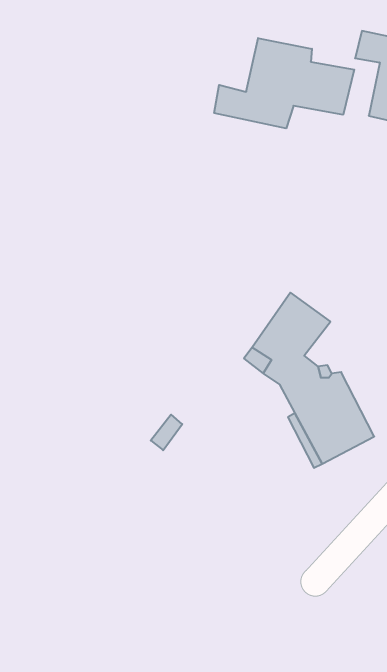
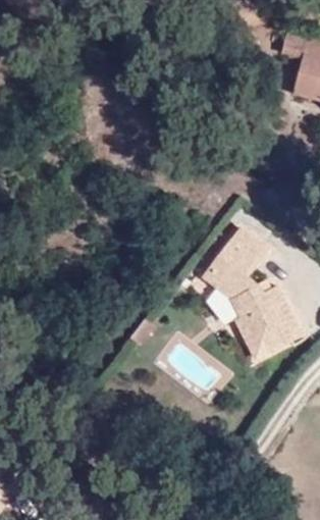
building: [214,38,354,128] -> none

